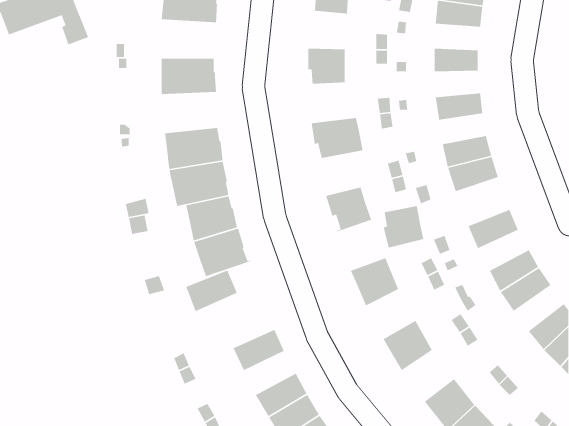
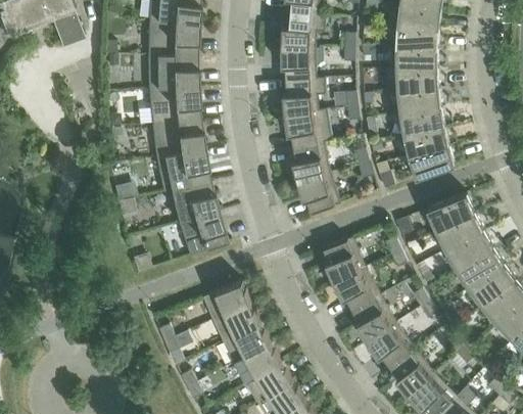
building: none -> [281,12,326,47]
building: none -> [147,20,198,55]
building: none -> [396,25,439,48]
building: none -> [396,67,439,91]
building: none -> [282,78,326,114]
building: none -> [147,87,199,124]
building: none -> [400,106,444,134]
building: [380,204,426,248] -> [290,140,332,181]
building: none -> [436,213,483,249]
building: [185,270,238,312] -> [203,281,251,320]
building: none -> [469,263,515,305]
building: none -> [334,267,380,312]
building: none -> [367,322,415,369]
building: none -> [223,323,271,363]

